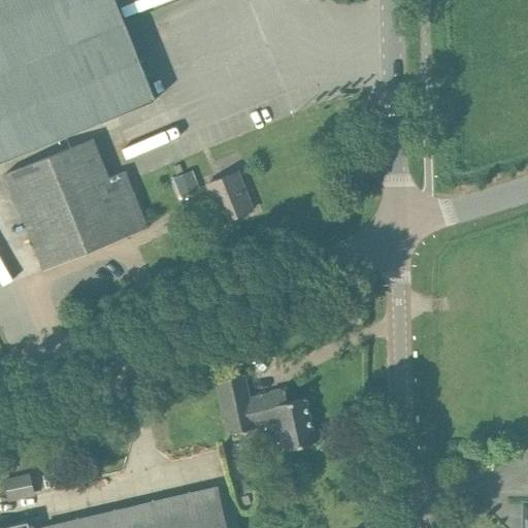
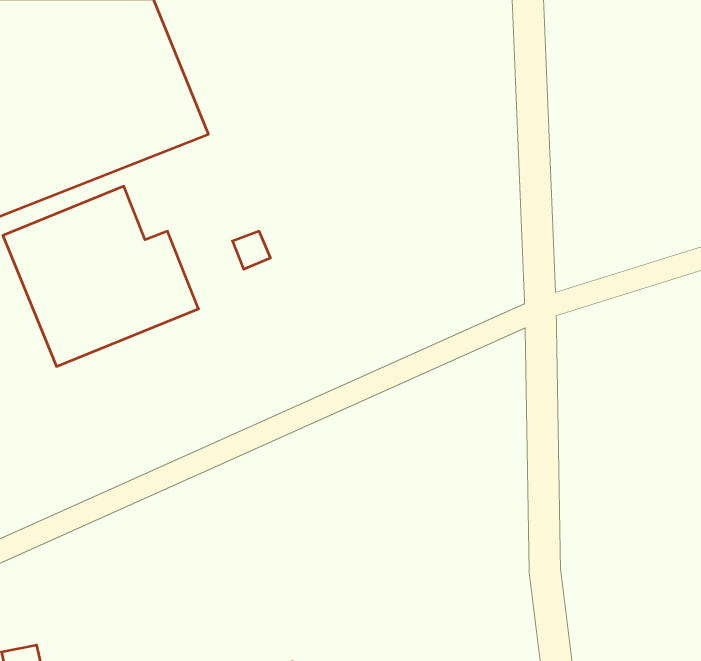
building: [206,171,252,222] -> none
building: [219,372,316,448] -> none

